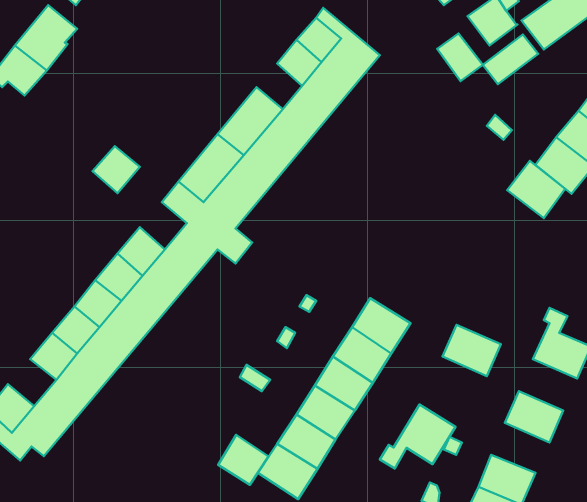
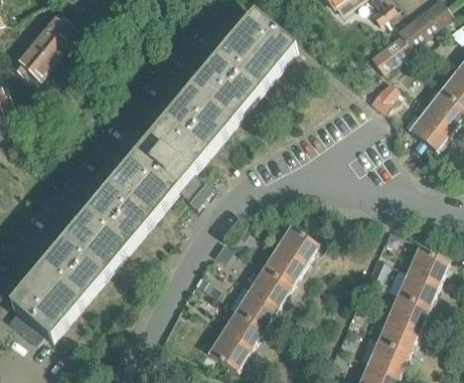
building: [437,34,483,81] -> none
building: none -> [206,55,240,88]
building: [92,146,140,193] -> [122,156,156,190]
building: [507,161,565,218] -> none
building: [442,325,501,376] -> [397,269,439,307]
building: none -> [26,269,61,304]
building: [380,404,456,468] -> none
building: none -> [376,316,419,352]
building: [218,435,269,485] -> none

